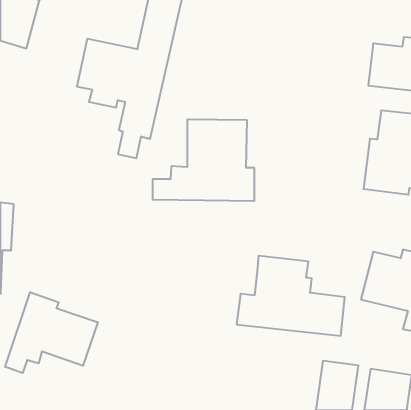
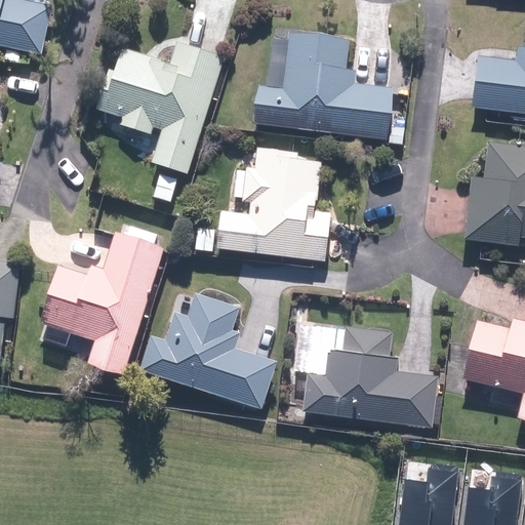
building: none -> [253,36,392,133]
building: none -> [39,232,164,371]
building: none -> [137,288,276,408]
building: [5,292,98,373] -> none

